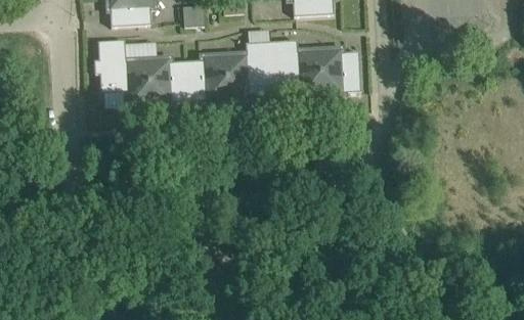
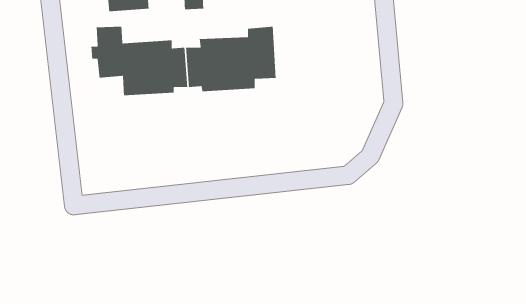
building: [271,39,361,98] -> none

